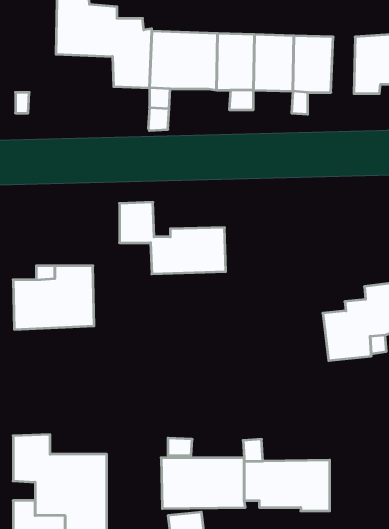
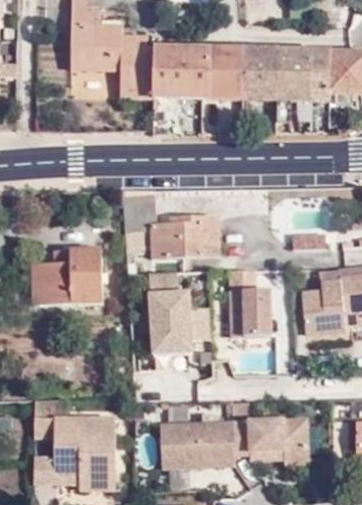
building: none -> [309,51,330,101]
building: none -> [150,267,195,348]
building: none -> [226,268,272,336]

